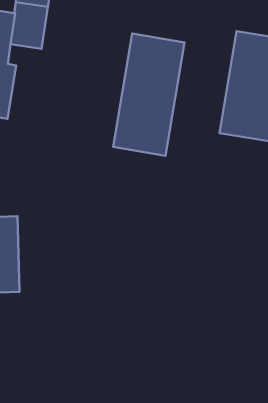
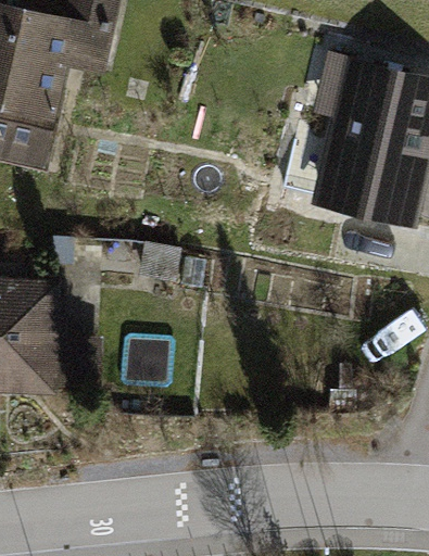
building: [113,33,184,156] -> none

